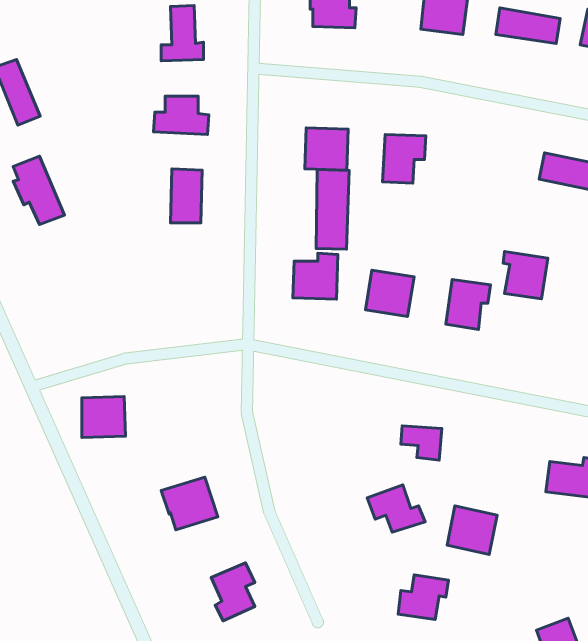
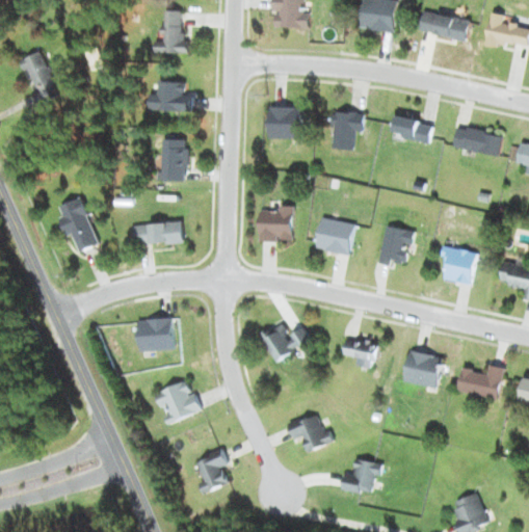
building: none -> [392,117,431,142]
building: [13,156,65,225] -> [58,197,99,251]
building: [316,169,349,249] -> none
building: [503,251,548,299] -> [441,246,476,284]
building: none -> [133,220,183,245]
building: [82,397,125,437] -> [138,318,173,350]
building: none -> [261,323,311,361]
building: [367,485,425,532] -> [287,414,333,451]
building: [447,506,497,555] -> [402,350,442,389]

